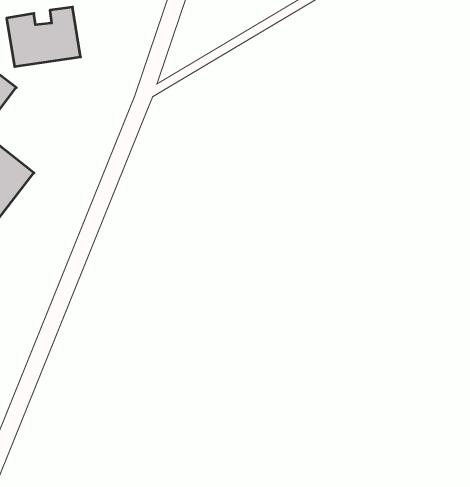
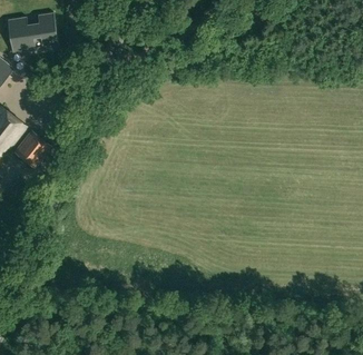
building: none -> [14,130,52,168]

